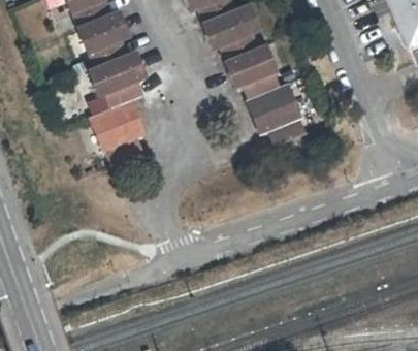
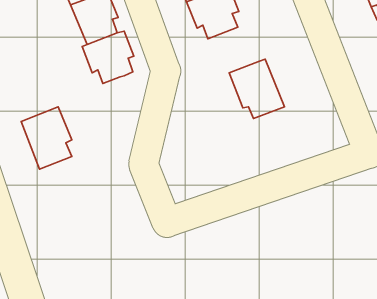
building: [224,42,279,94] -> none
building: [92,98,146,164] -> [21,107,72,169]

